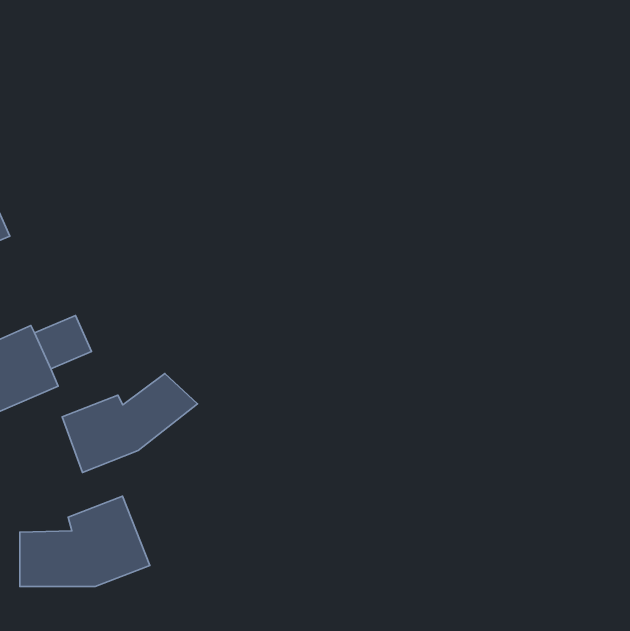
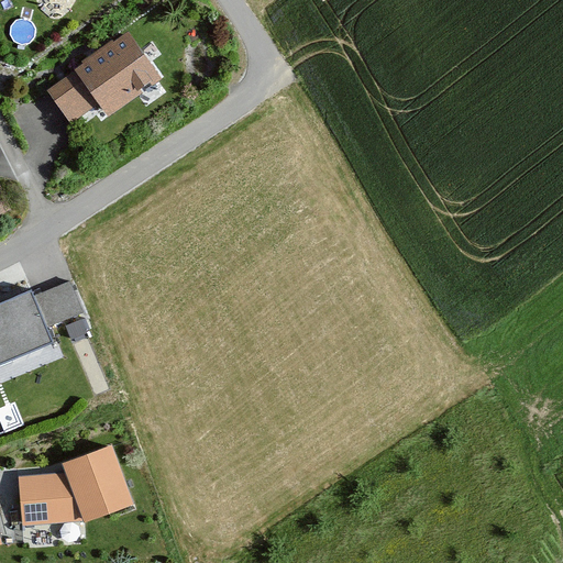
building: none -> [45,34,159,124]
building: [62,373,198,472] -> none

